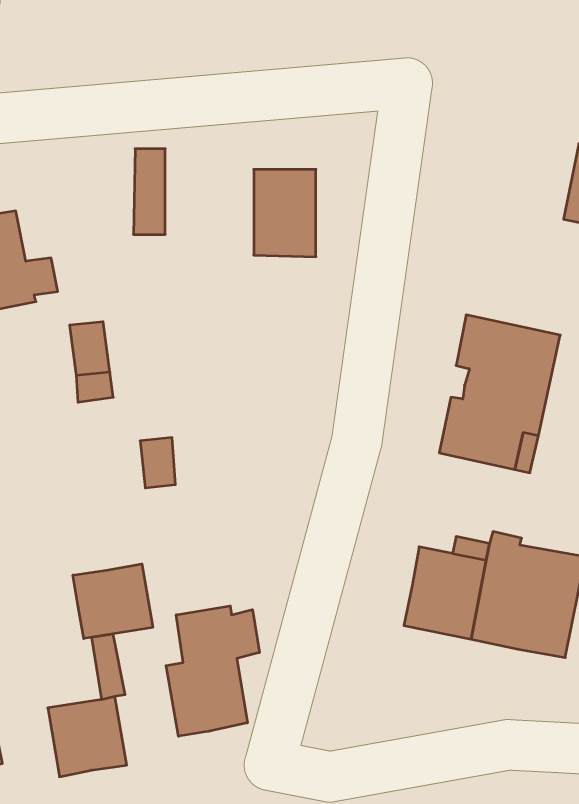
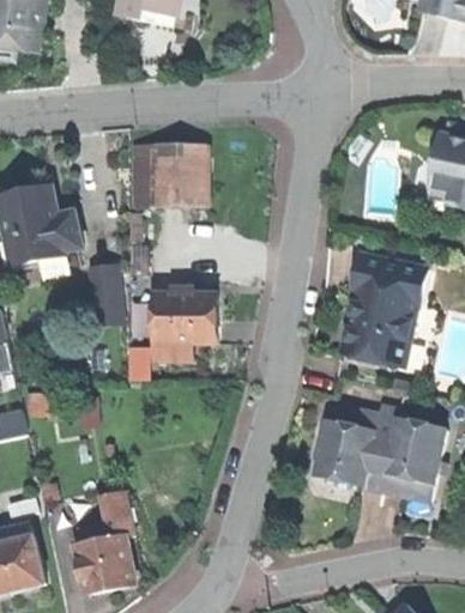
building: [254,169,316,257] -> [155,140,199,202]
building: none -> [155,292,213,339]
building: [73,564,153,639] -> none
building: [166,606,259,736] -> none

